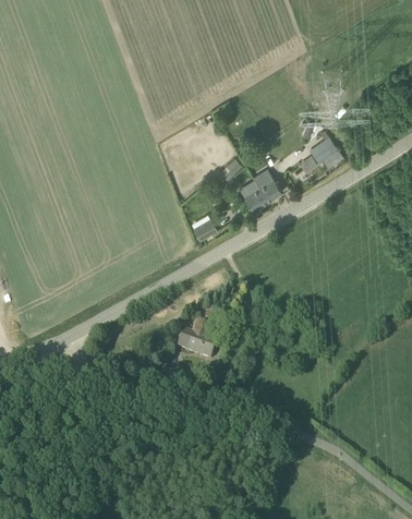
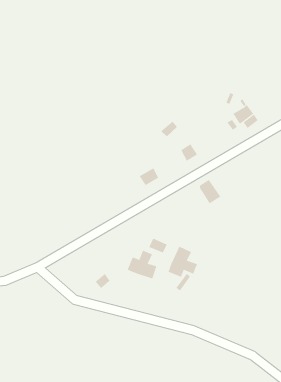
building: [253,165,281,196] -> [199,179,221,204]
building: none -> [168,246,198,277]

